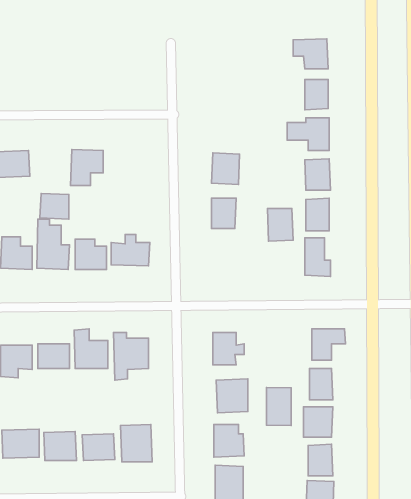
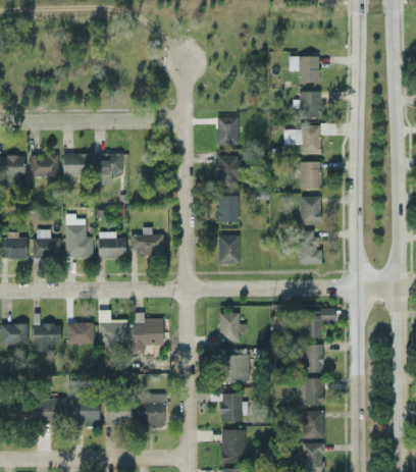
building: none -> [217,117,239,145]
building: [40,193,69,219] -> [63,153,89,175]
building: [267,209,293,241] -> [218,235,241,264]
building: [266,388,291,425] -> none

